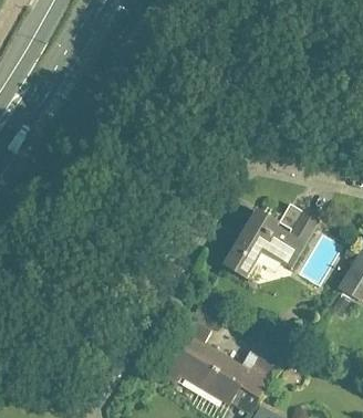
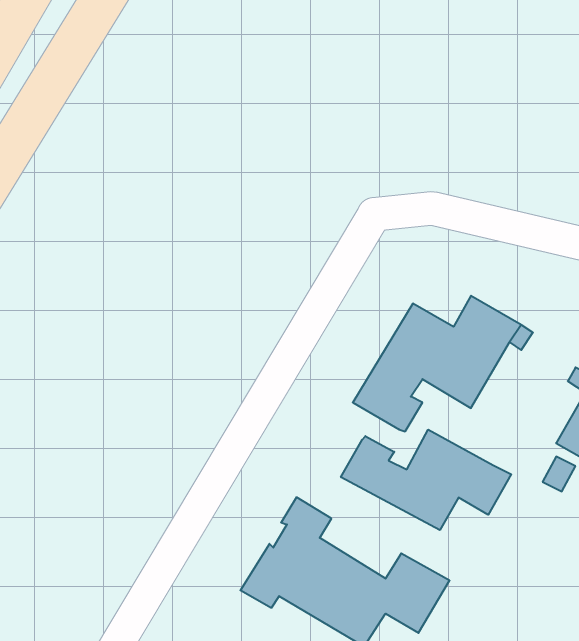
building: none -> [341,430,511,530]

